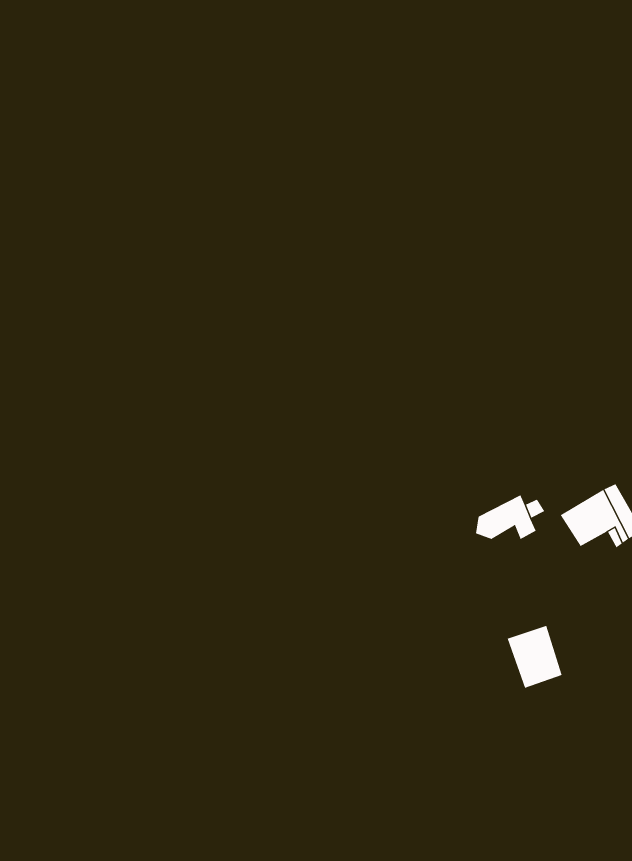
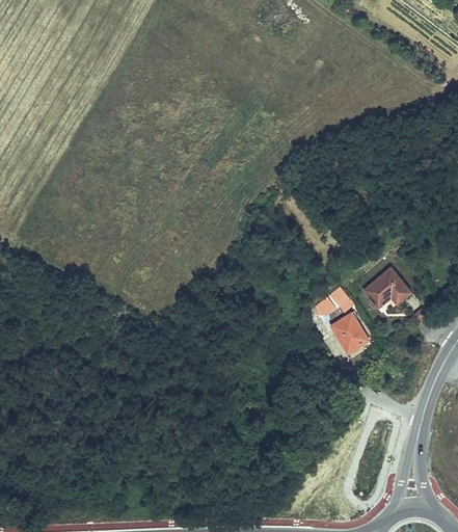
building: [507,625,563,689] -> [331,312,365,348]

